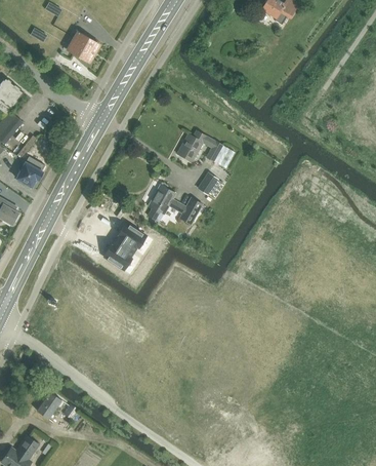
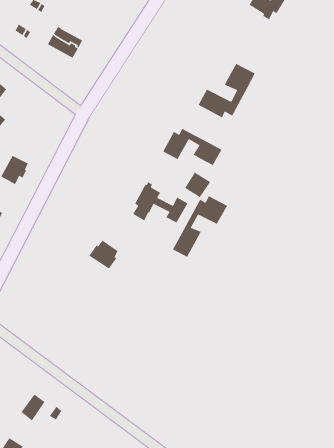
building: none -> [198,63,256,118]
building: none -> [172,195,228,258]
building: [117,222,147,250] -> none

